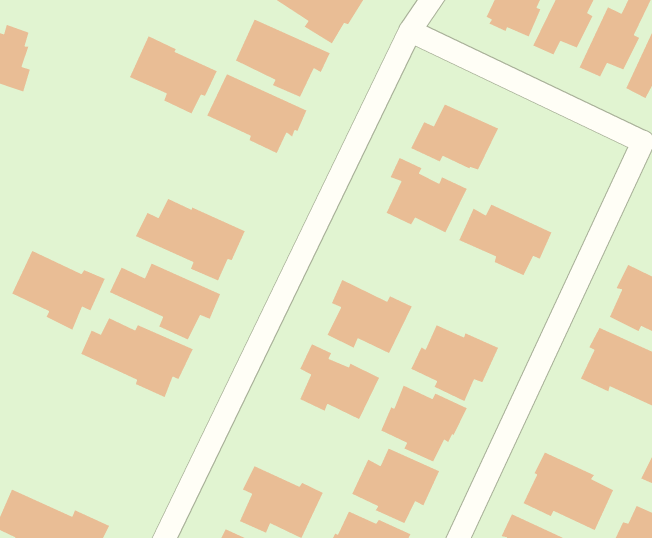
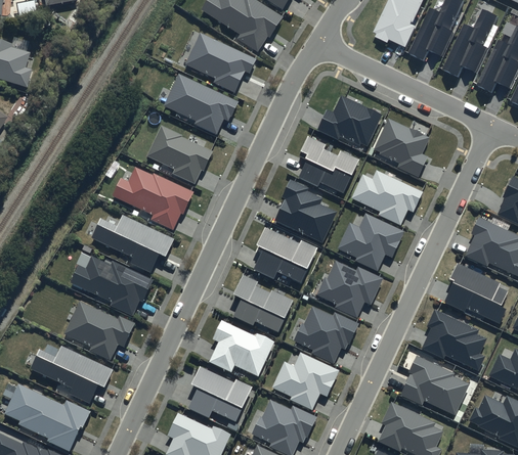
building: [129,35,218,115] -> [147,125,214,184]
building: none -> [374,119,430,178]
building: none -> [274,179,336,242]
building: [11,250,106,331] -> [64,301,135,361]
building: none -> [337,213,404,271]
building: none -> [422,310,487,371]
building: none -> [209,320,274,376]
building: none -> [30,346,113,404]

